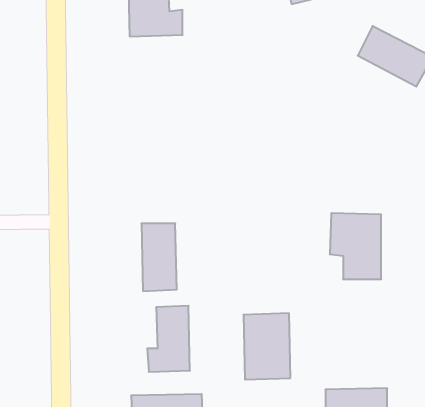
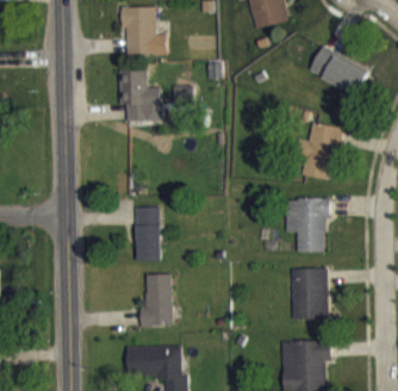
building: none -> [118,69,162,120]
building: none -> [303,123,344,179]
building: [243,313,290,380] -> [291,267,329,321]

